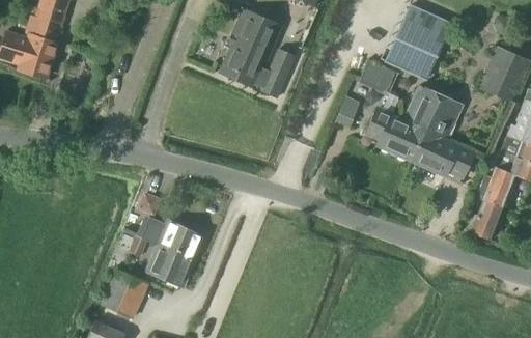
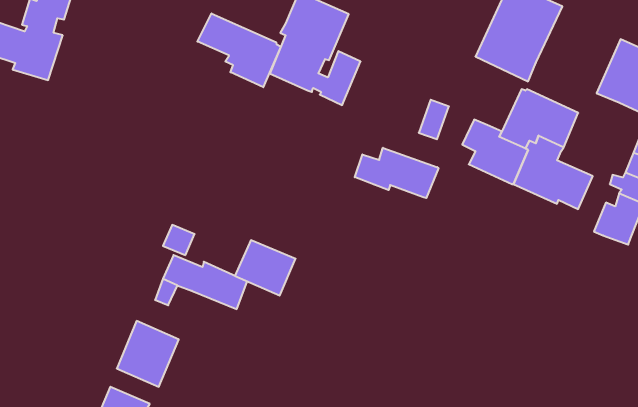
building: none -> [197,13,281,87]
building: [360,58,394,88] -> none
building: none -> [355,148,438,198]
building: [464,200,503,241] -> none
building: [147,244,195,287] -> [235,240,296,296]

